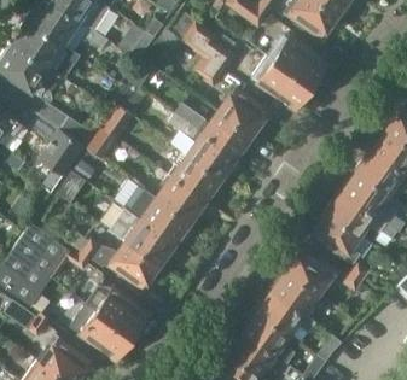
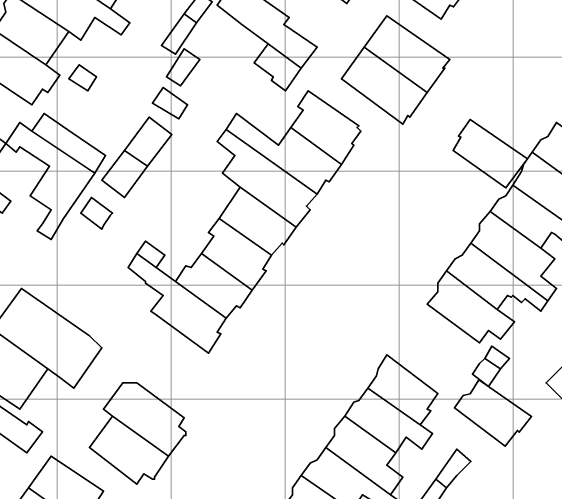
building: none -> [453,120,527,188]
building: [82,240,162,288] -> none
building: [285,250,338,296] -> [454,380,531,446]

